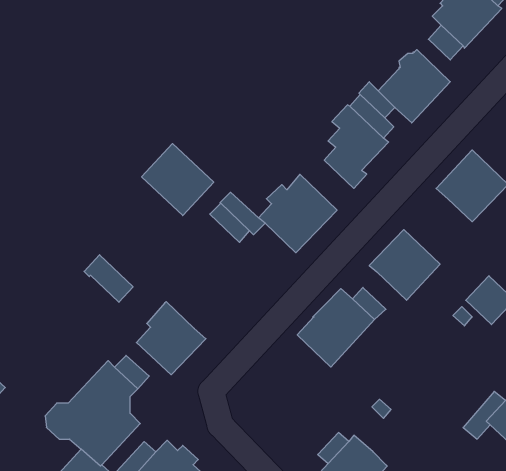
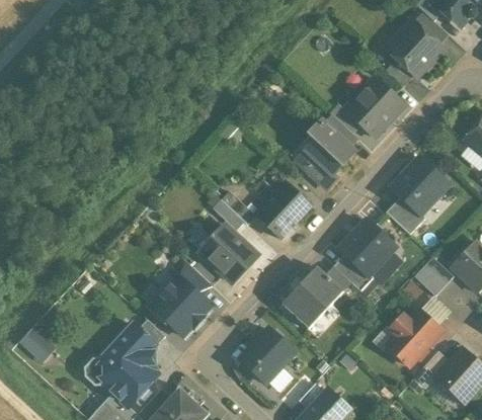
building: [142,144,214,216] -> [200,227,257,283]
building: none -> [387,197,425,236]
building: [84,255,133,302] -> [174,262,213,300]
building: none -> [334,255,373,292]
building: none -> [388,312,440,366]
building: none -> [240,330,295,385]

